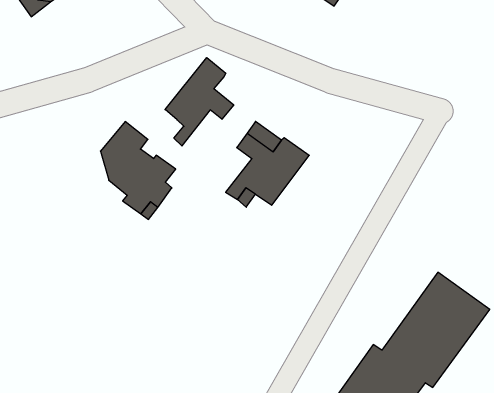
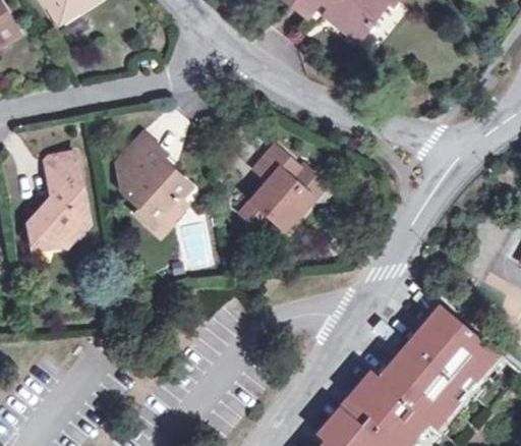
building: [165,58,234,146] -> none
building: none -> [25,155,88,246]

